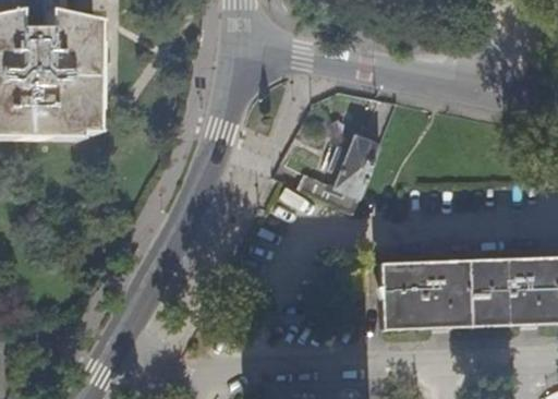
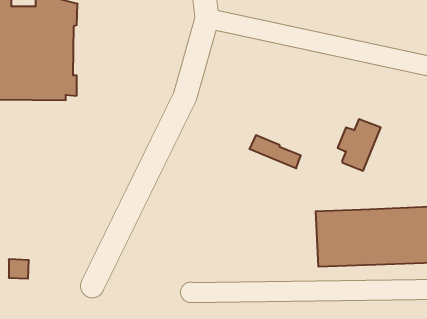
building: [329,137,380,198] -> [338,119,381,171]

